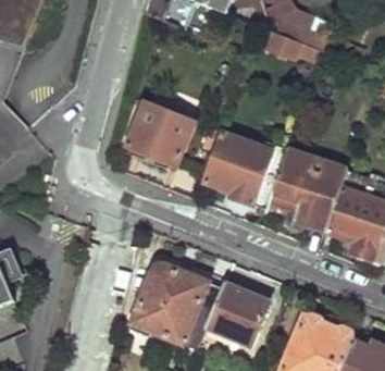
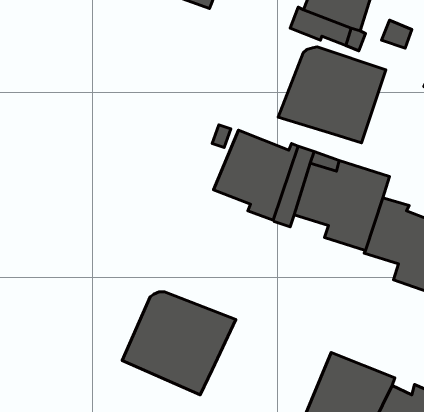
building: none -> [278,47,386,143]
building: [126,100,194,162] -> none
building: [202,283,268,346] -> none

